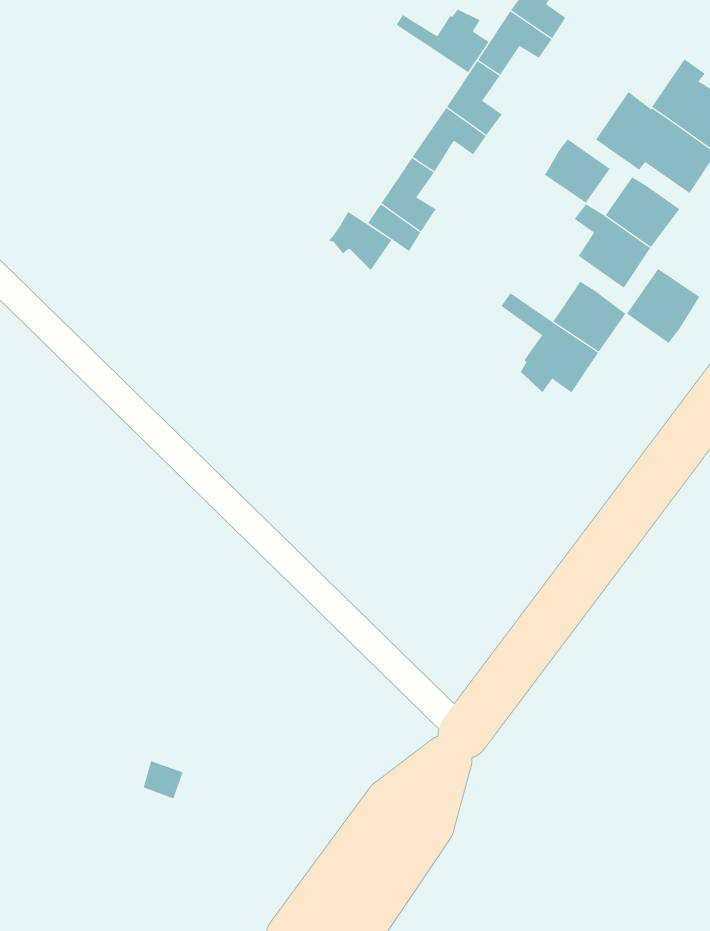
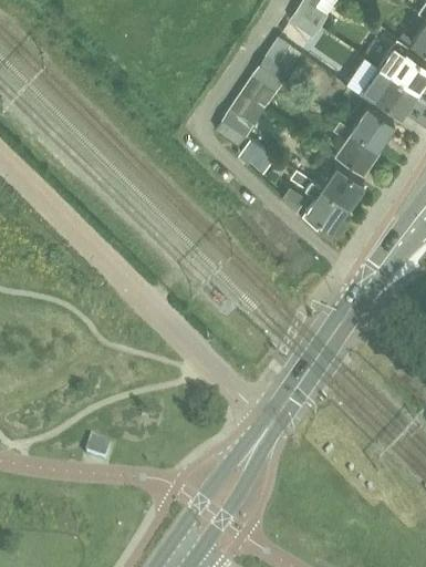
building: [396,9,490,73] -> none
building: [544,138,611,204] -> none
building: [329,211,392,271] -> [239,142,276,176]
building: [626,268,700,344] -> none

